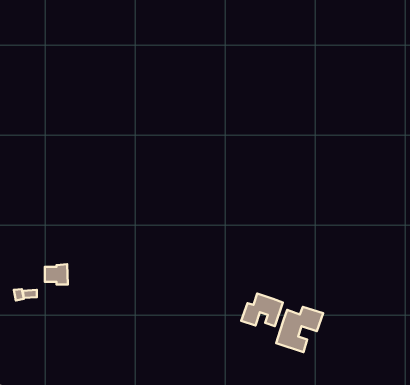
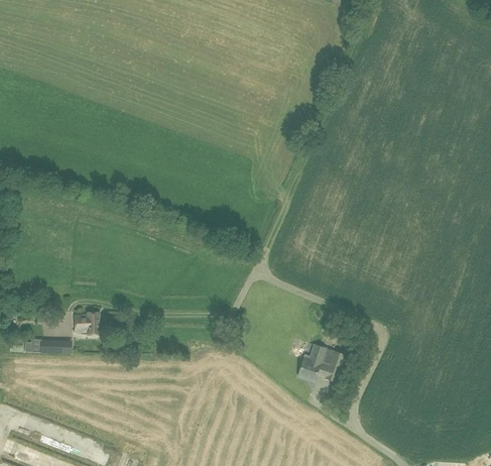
building: [276,307,323,352] -> none

